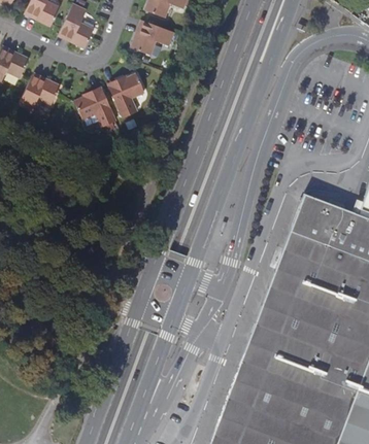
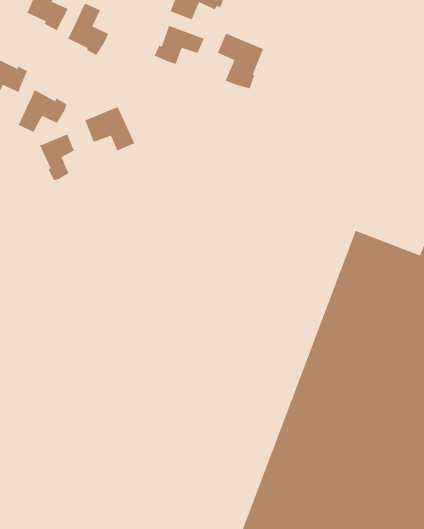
building: none -> [217,33,264,89]
building: [111,75,146,118] -> none
building: none -> [39,133,75,181]

